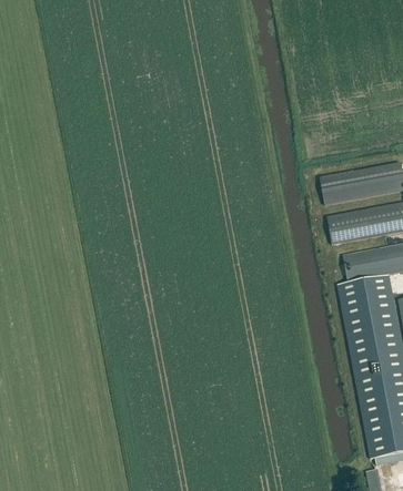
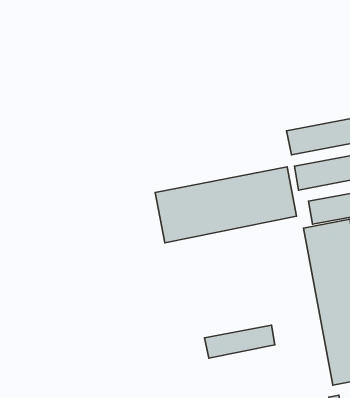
building: none -> [155,167,297,243]
building: none -> [204,325,275,358]

